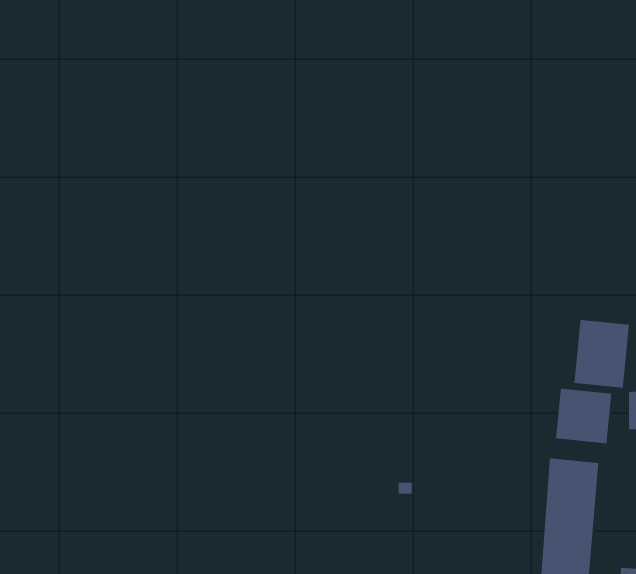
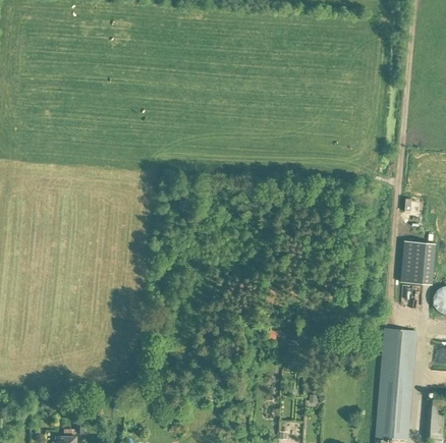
building: [555,388,612,444] -> none

